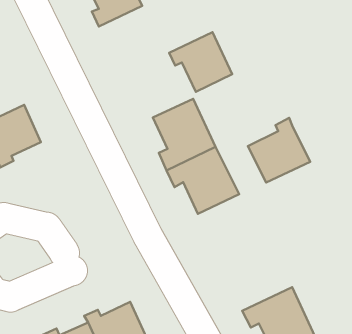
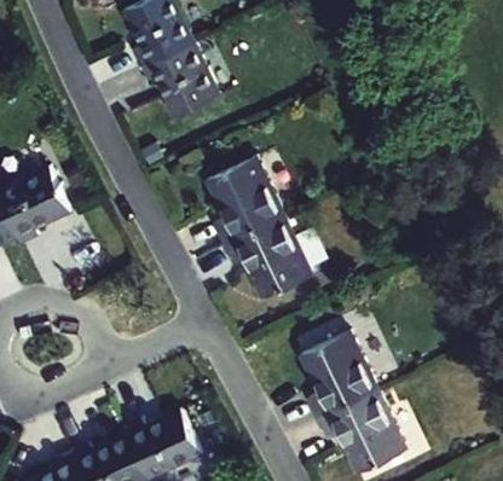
building: [169,32,232,92] -> [141,45,219,118]
building: [248,118,310,182] -> none
building: none -> [301,332,380,421]

